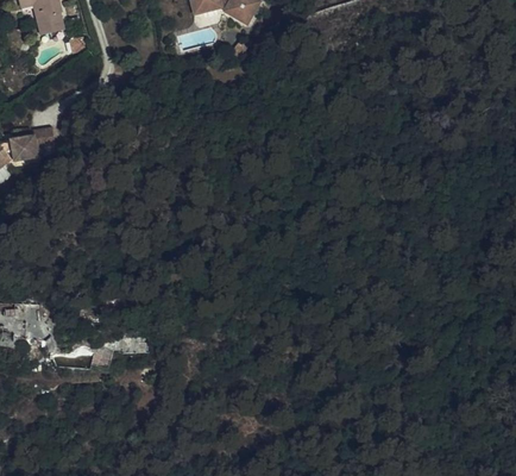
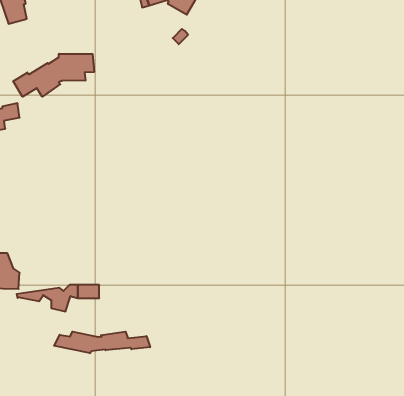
building: none -> [13,54,94,97]
building: none -> [54,332,150,353]

